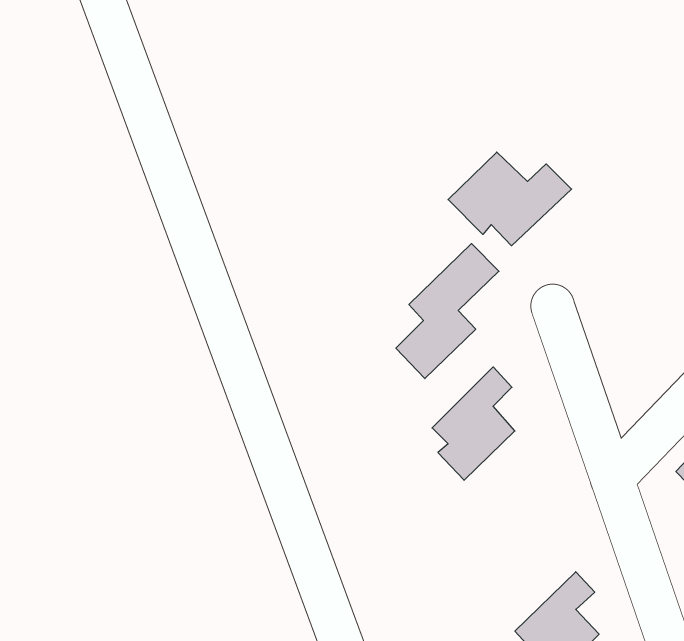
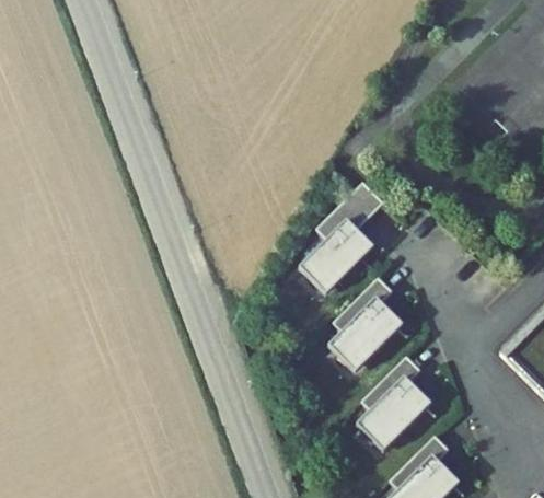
building: [448,152,572,246] -> none
building: none -> [362,358,426,443]

